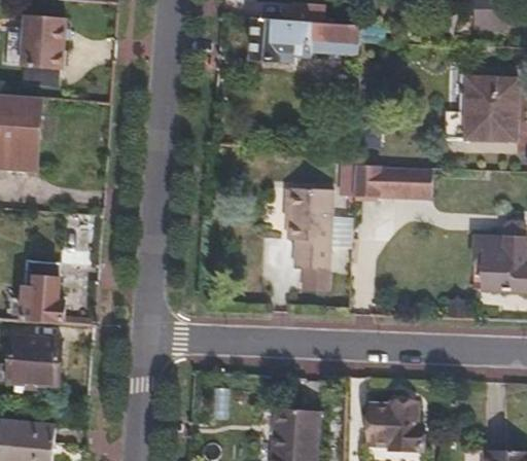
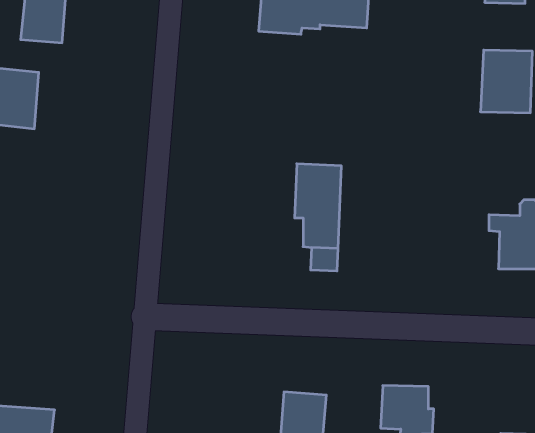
building: [352,166,429,196] -> none
building: [22,262,66,325] -> none
building: [9,338,60,386] -> none

